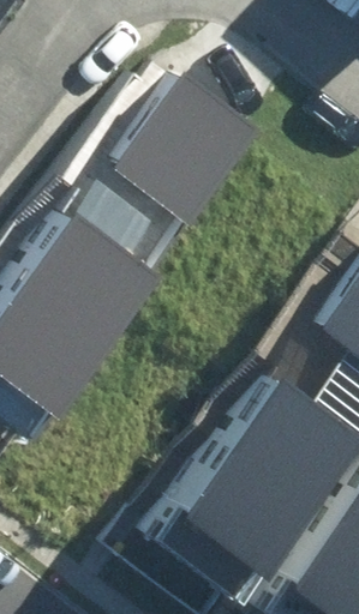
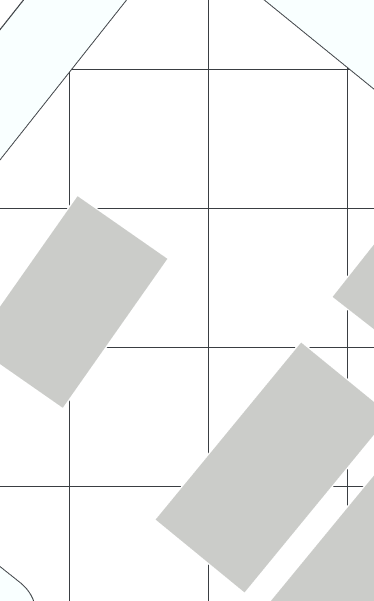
building: [114,78,261,228] -> none

